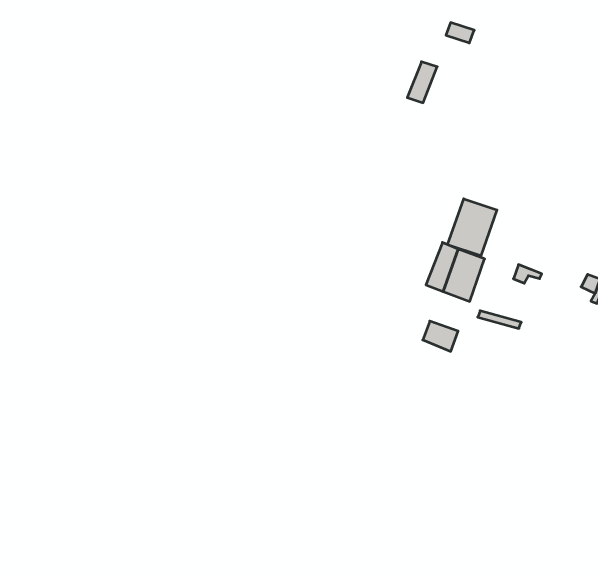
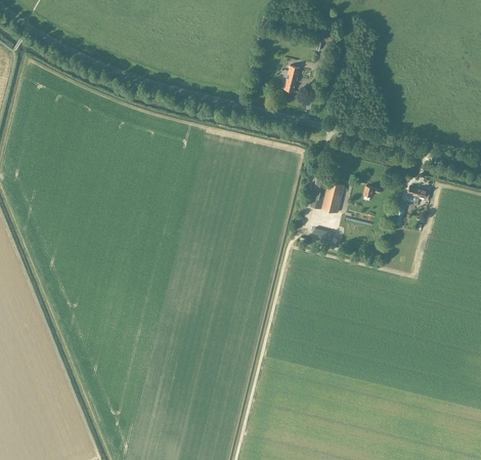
building: [448,199,497,256] -> none

